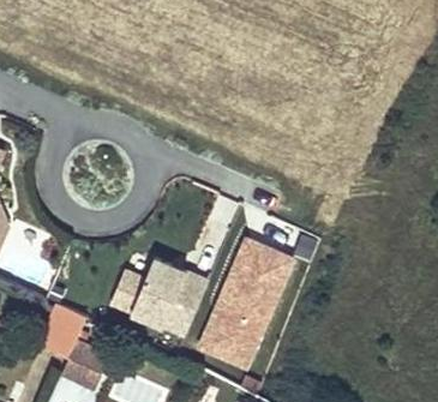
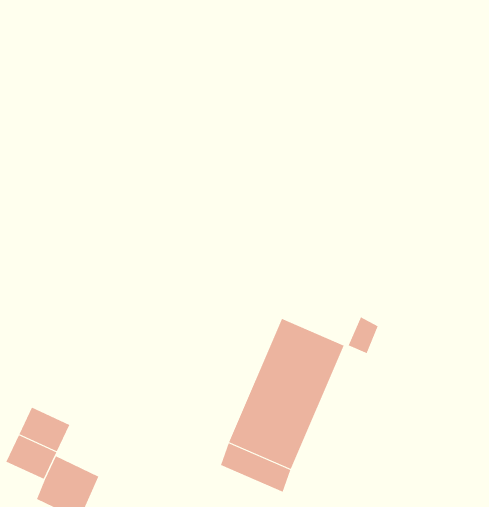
building: [109,260,206,337] -> none

